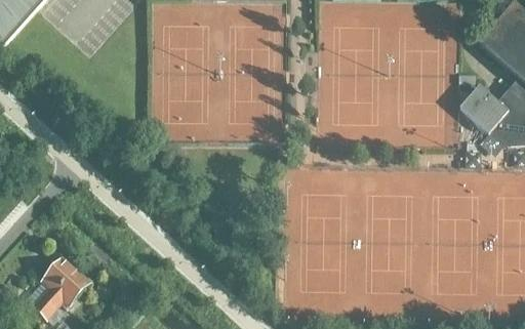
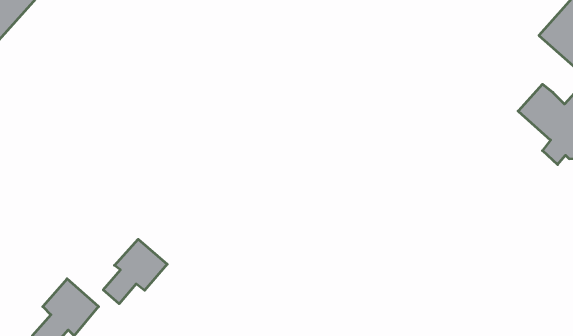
building: none -> [103,239,167,304]

